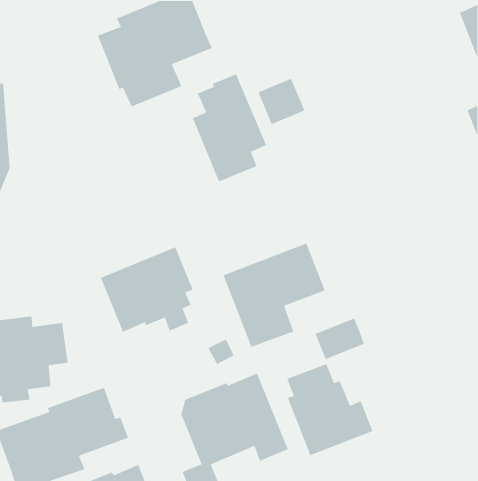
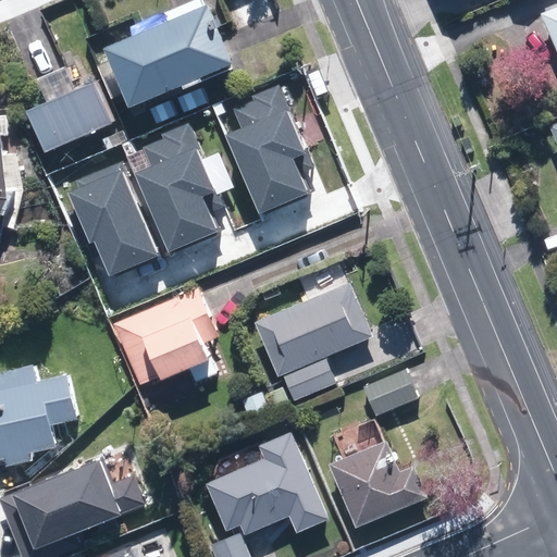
building: none -> [29,67,114,151]
building: [258,78,305,125] -> none
building: none -> [129,126,213,252]
building: none -> [62,166,153,283]

